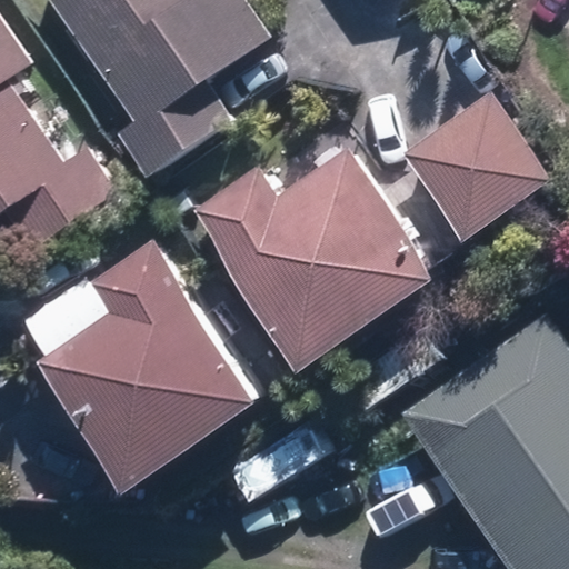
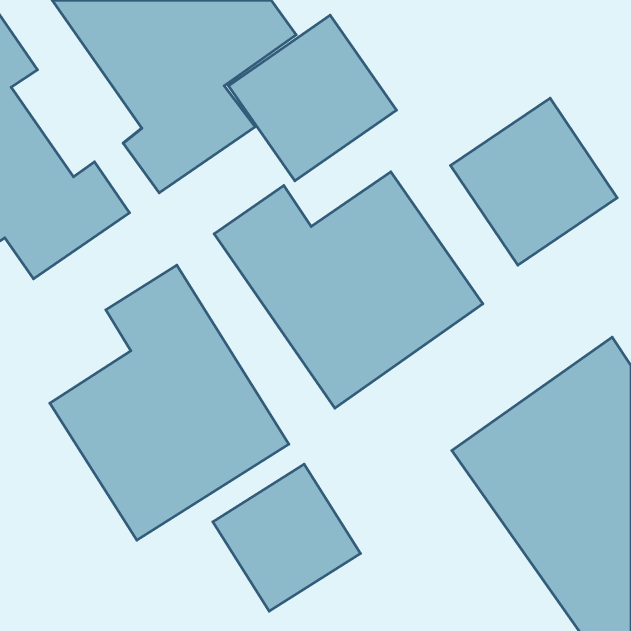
building: none -> [228,15,396,181]
building: none -> [213,464,360,611]

